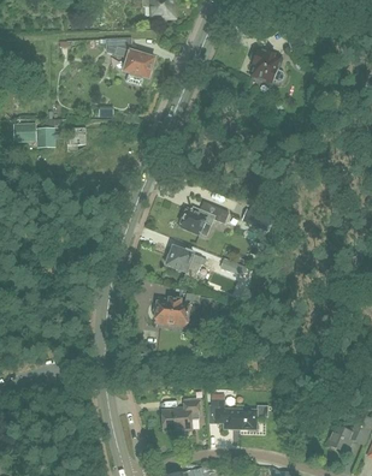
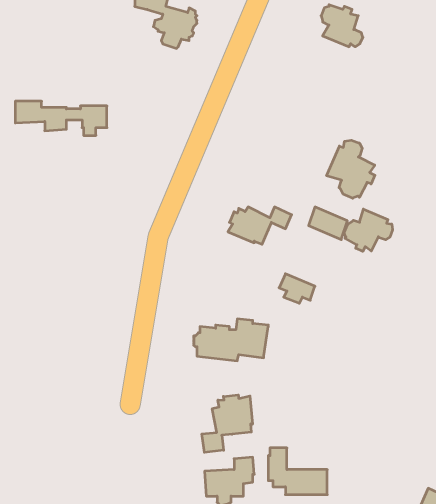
building: none -> [327,140,375,198]
building: none -> [344,209,392,251]
building: [164,246,206,279] -> none
building: none -> [202,395,252,452]

